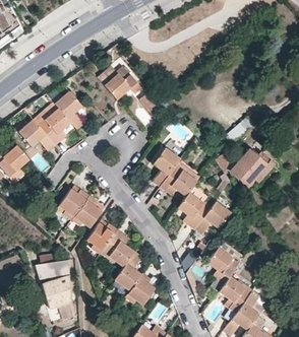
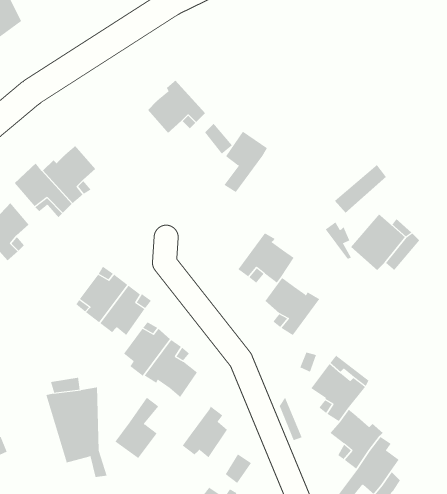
building: [53,89,82,129] -> none
building: [152,146,180,186] -> [224,131,268,193]
building: [195,200,231,234] -> none
building: [114,252,142,291] -> [115,397,159,459]

